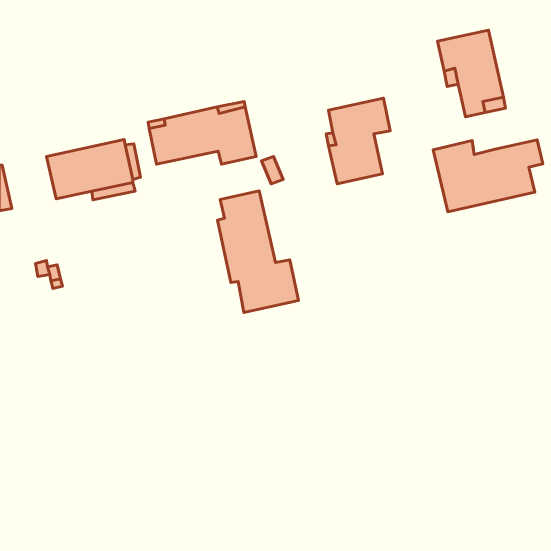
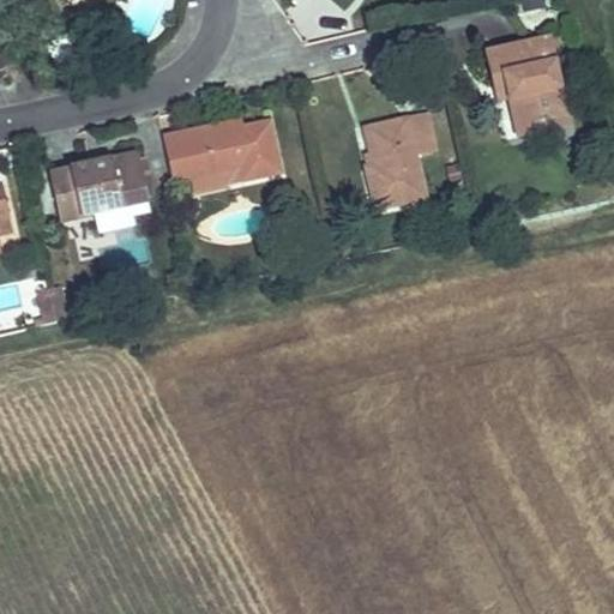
building: [433,140,543,212] -> none
building: [218,191,299,312] -> none

